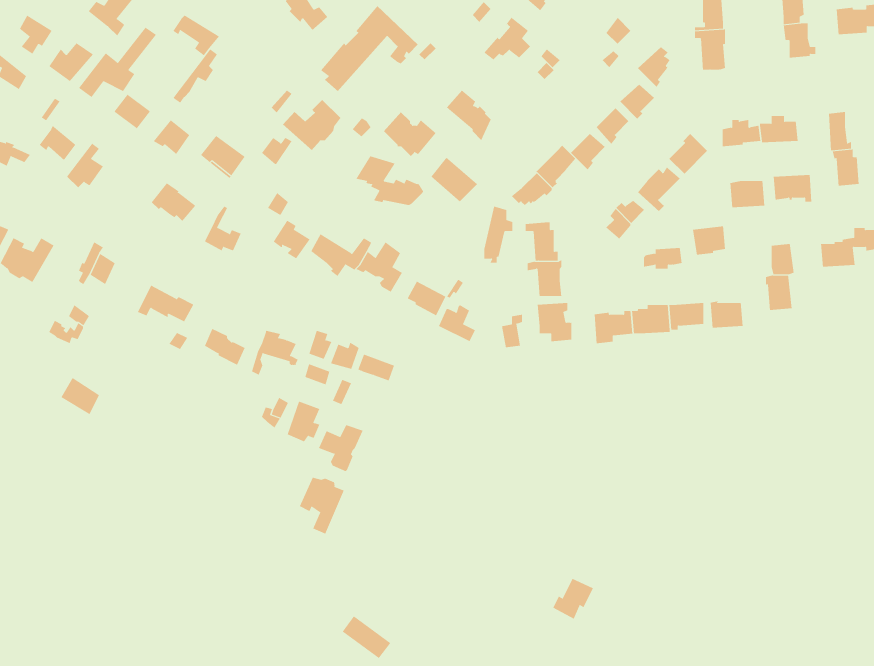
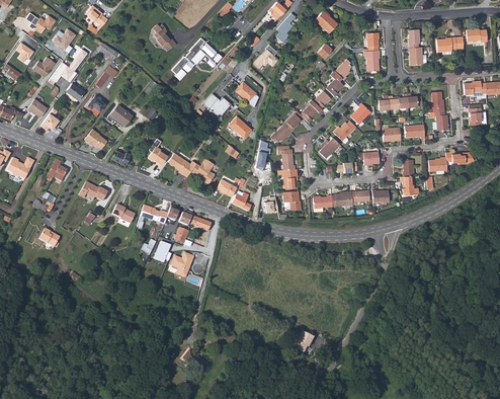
building: [282,99,341,151] -> none
building: [355,155,424,206] -> none
building: [299,477,344,535] -> none

